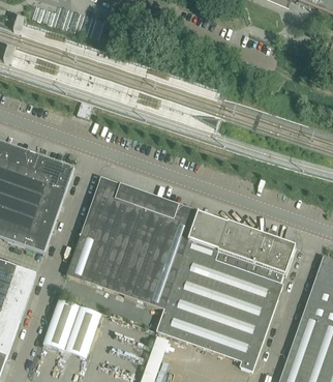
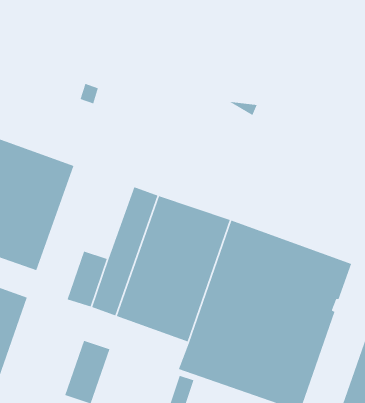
building: [81,176,121,241] -> none
building: [43,298,81,351] -> none

